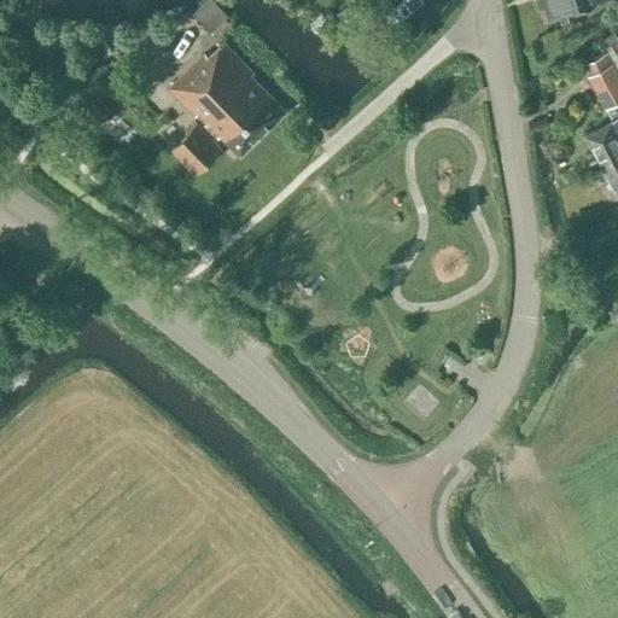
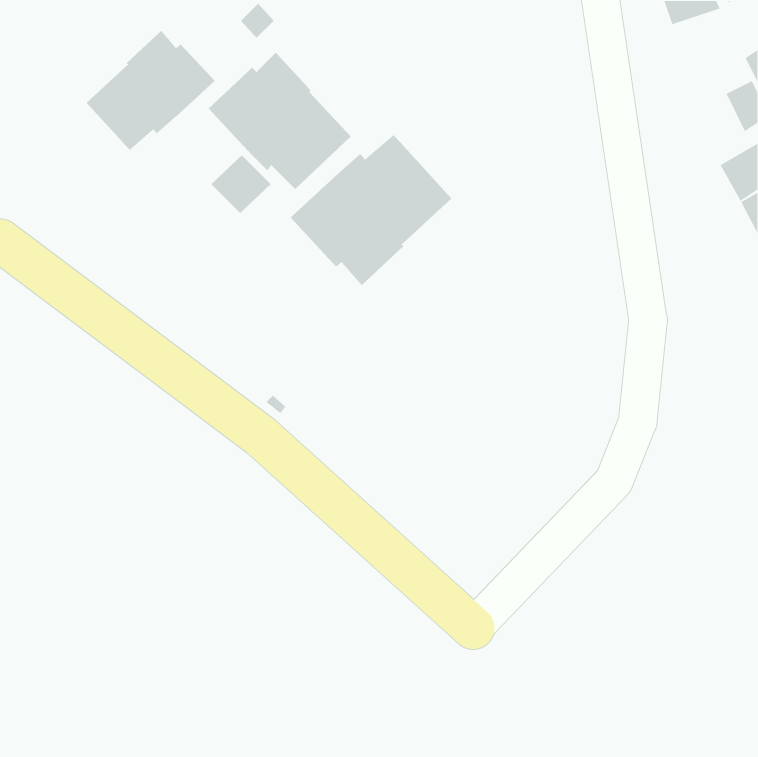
building: none -> [86,30,215,151]
building: none -> [290,134,452,286]

